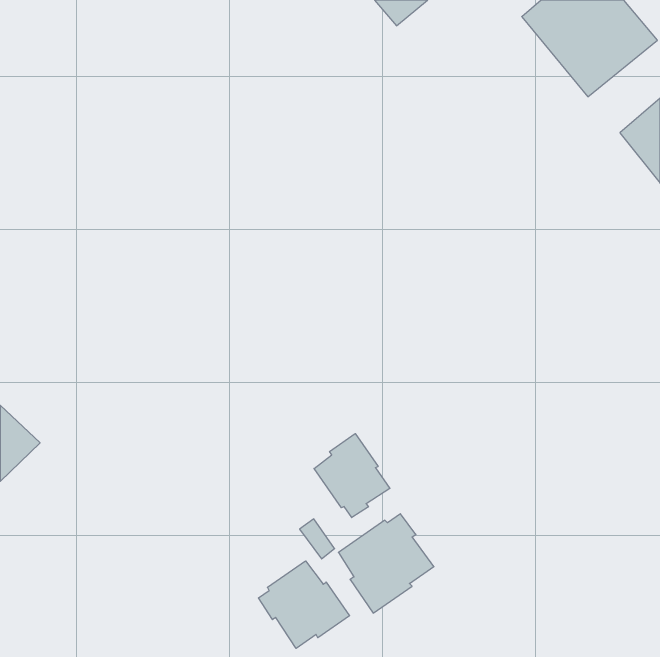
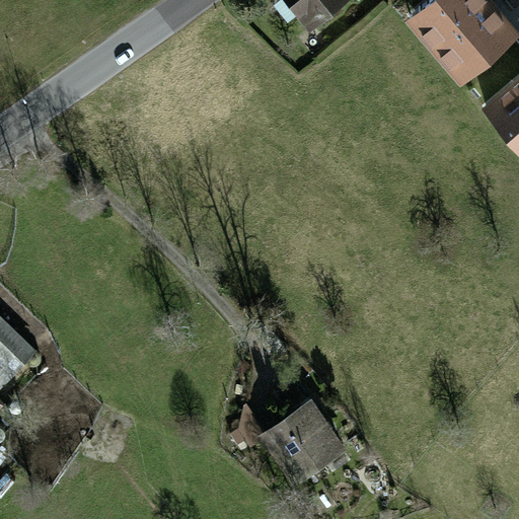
building: [314,434,390,518] -> none
building: [258,561,350,648] -> none

